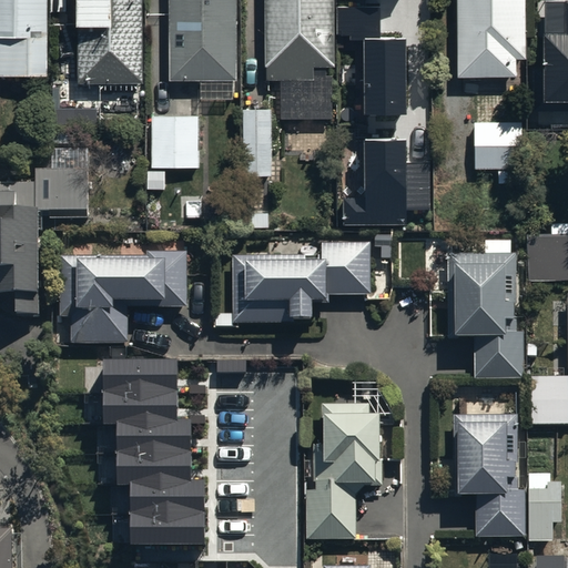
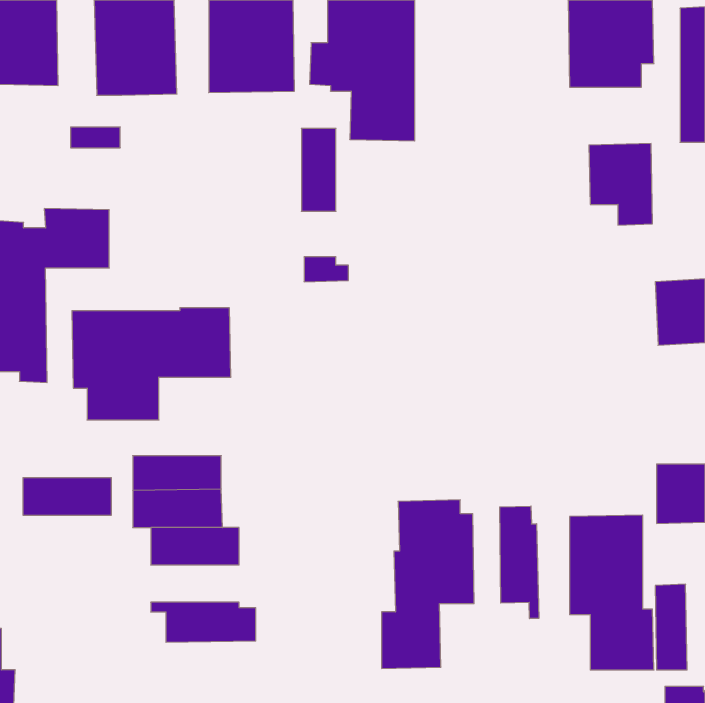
building: [336,9,405,118] -> none
building: [150,112,199,163] -> none
building: [342,142,429,226] -> none
building: [445,237,521,376] -> none
building: [215,241,371,325] -> none
building: none -> [500,506,539,619]
building: [121,456,192,486] -> [23,478,111,515]
building: [133,517,205,551] -> none

